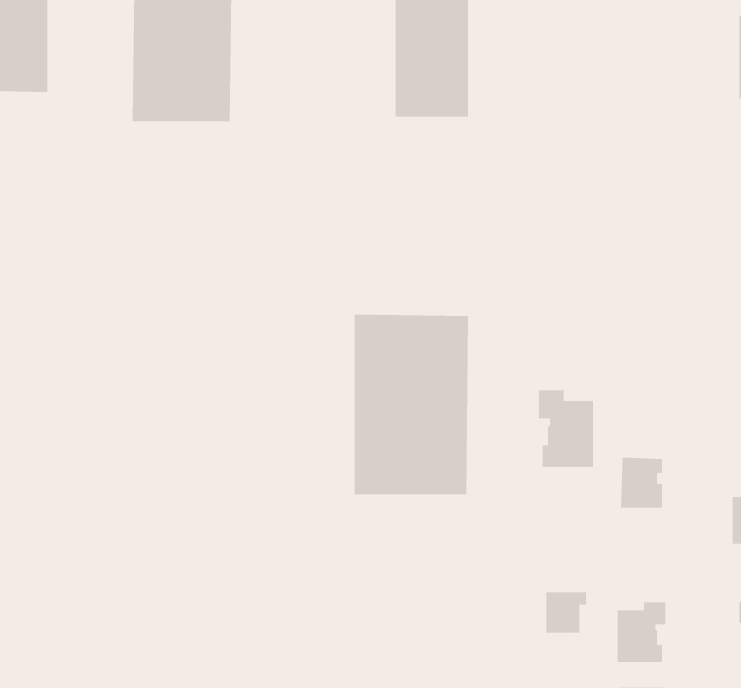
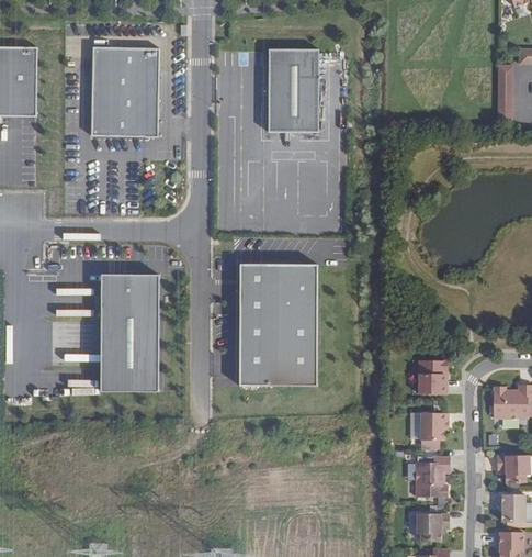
building: none -> [101,275,159,392]
building: [538,389,594,468] -> none
building: [546,592,587,633] -> [420,412,448,439]

